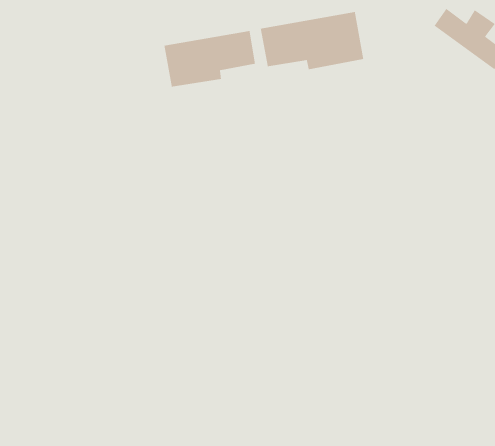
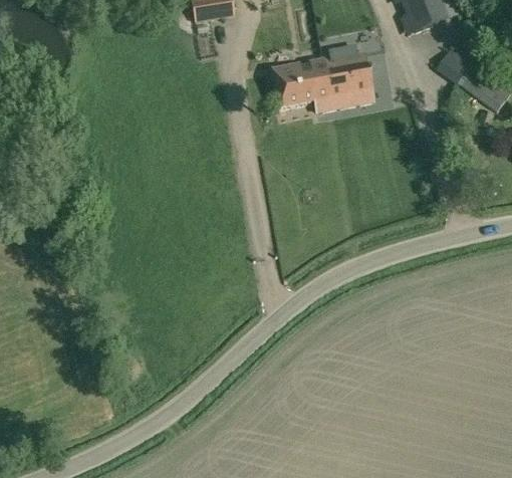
building: [164,30,256,88] -> none

